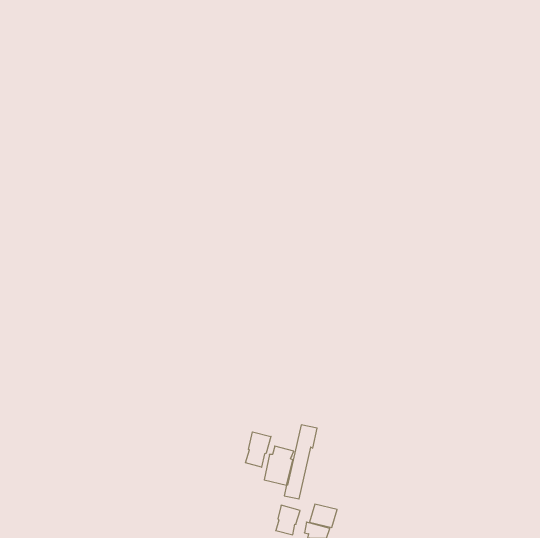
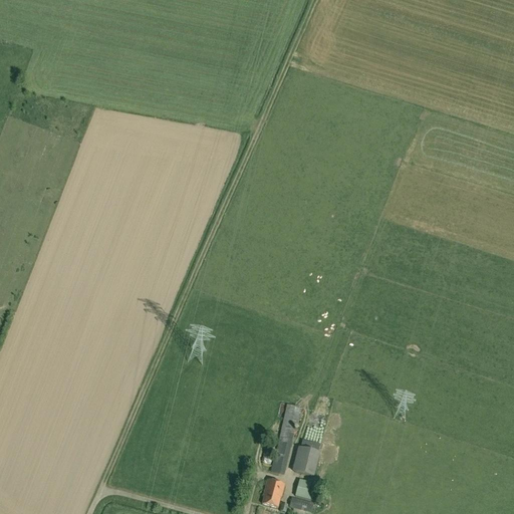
building: [246,432,271,467] -> none
building: [264,446,294,485] -> [292,439,320,476]

